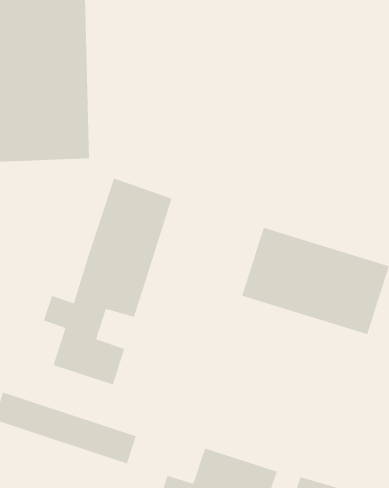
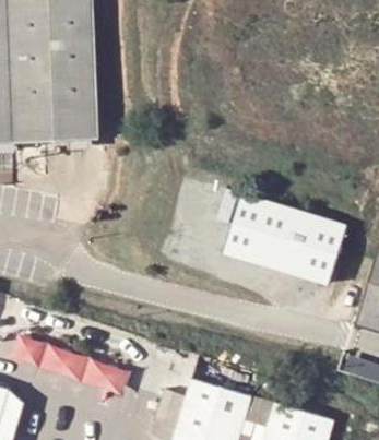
building: [43,178,173,386] -> none

